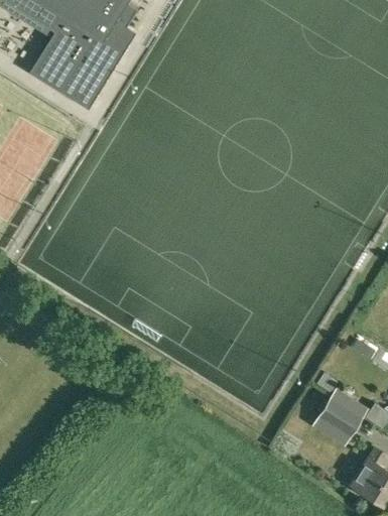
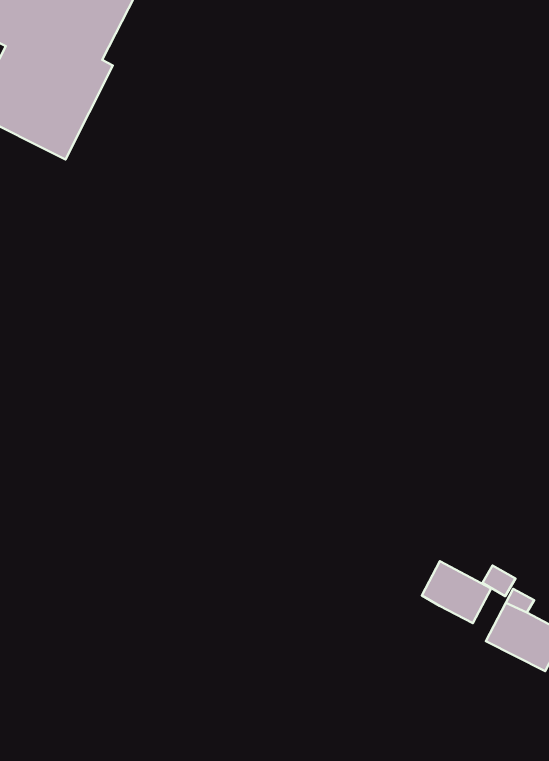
building: none -> [422,561,491,623]

